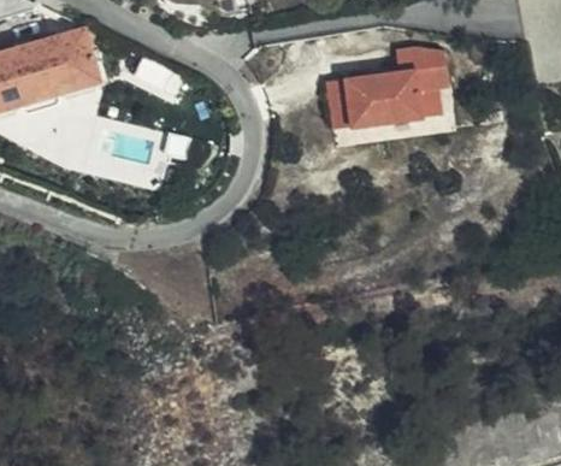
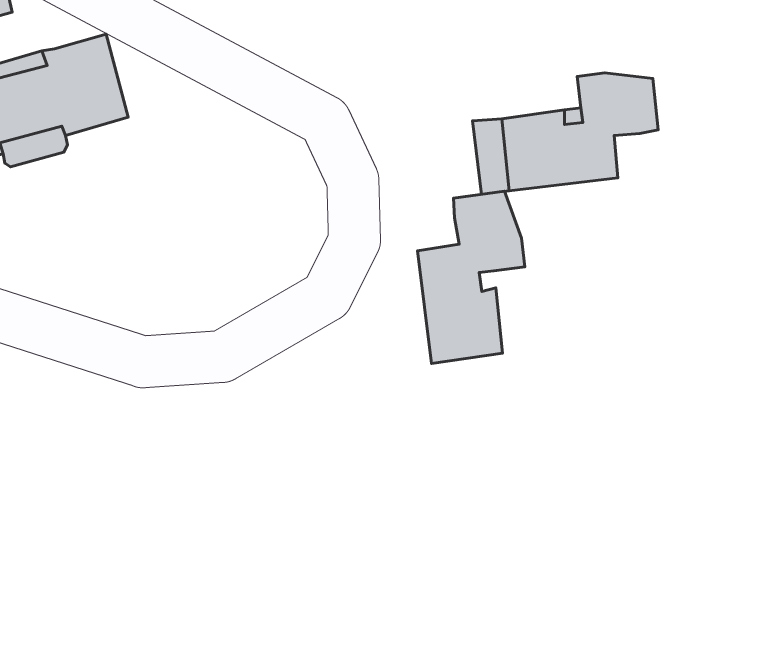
building: none -> [417,191,525,363]

